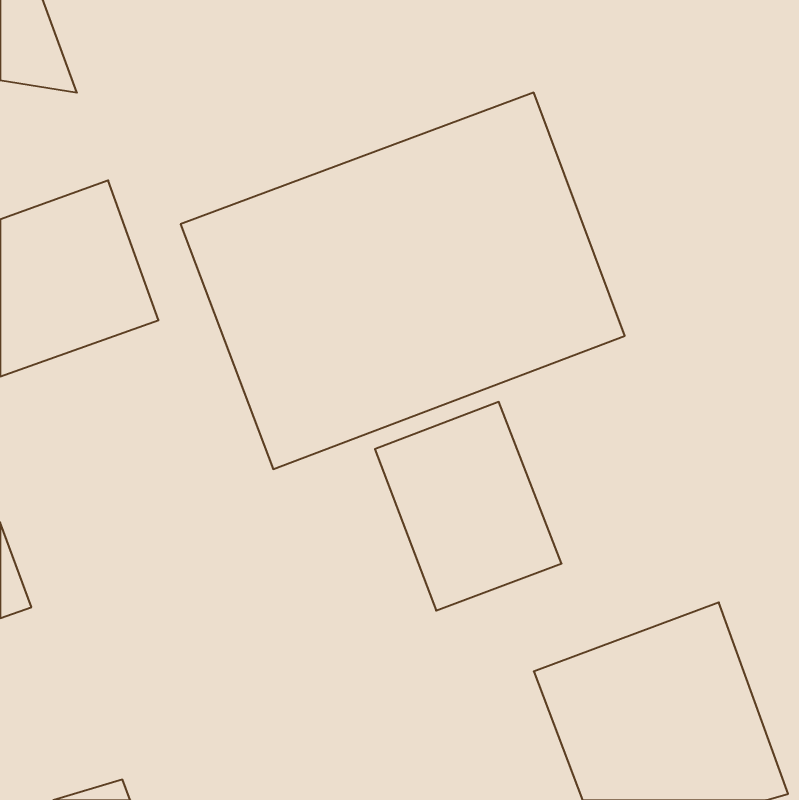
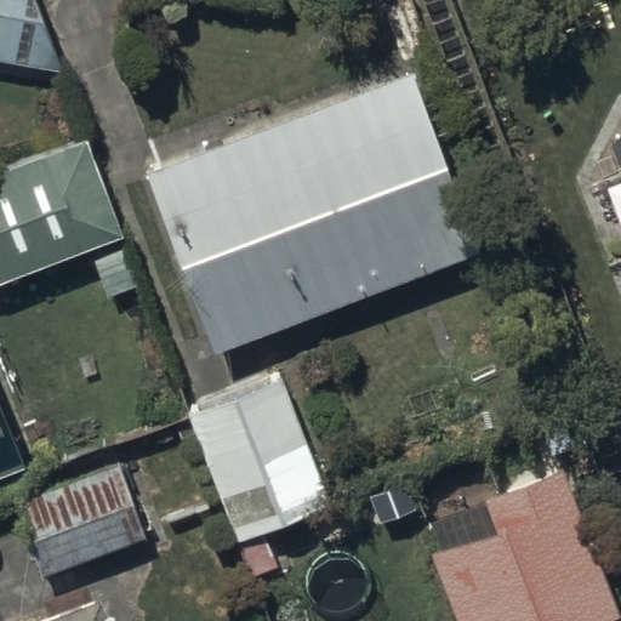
building: [375,402,562,611] -> [184,380,329,541]
building: none -> [13,462,148,577]

